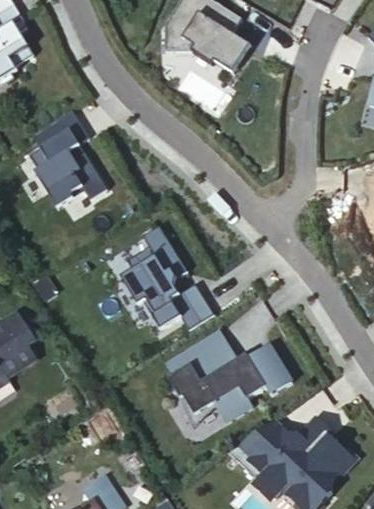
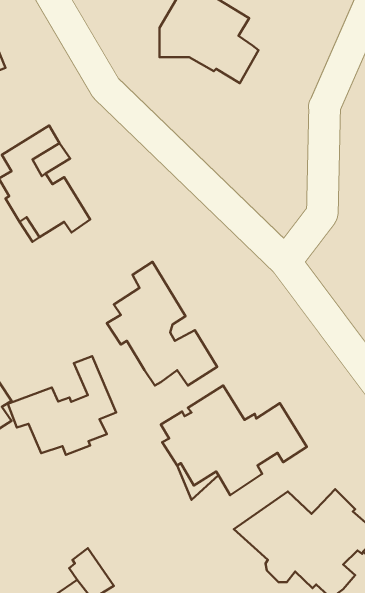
building: none -> [8,356,116,455]

